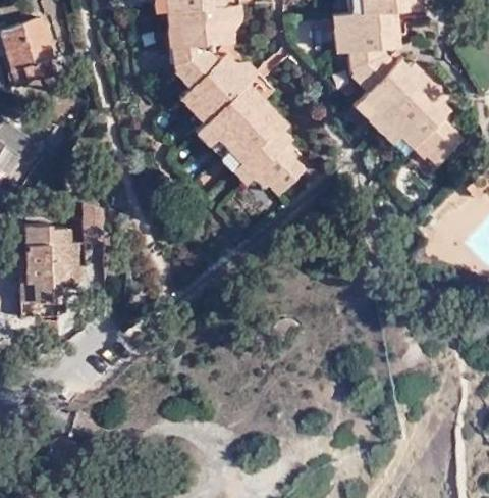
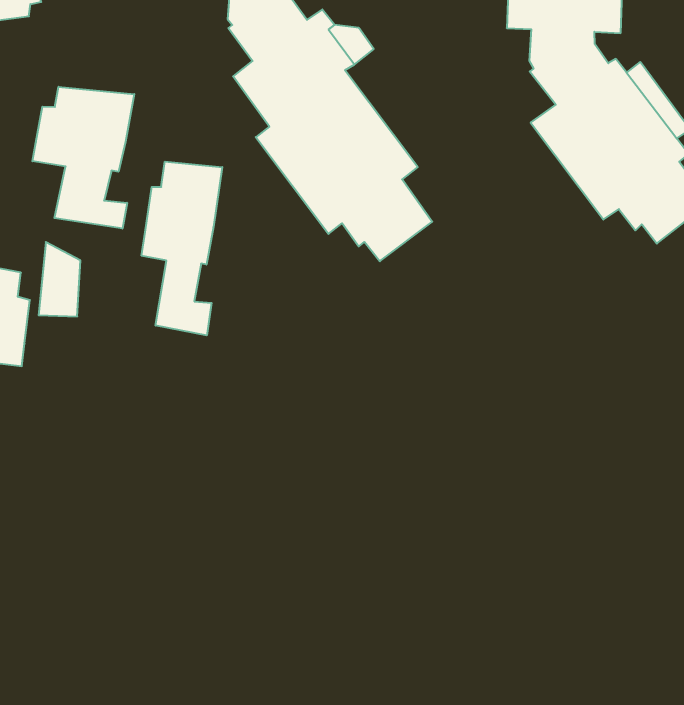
building: none -> [32,87,134,229]
building: none -> [142,162,222,335]

